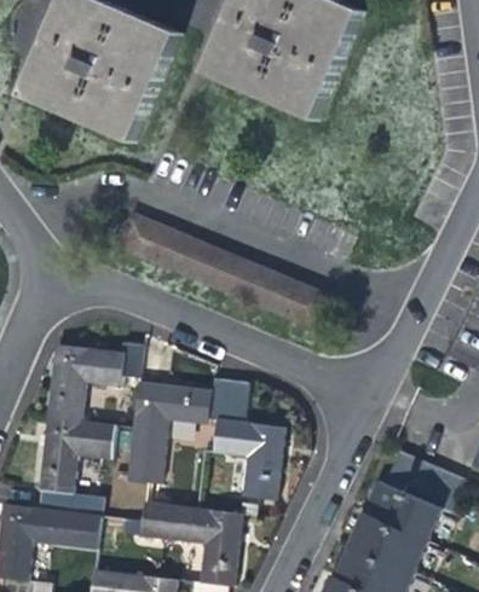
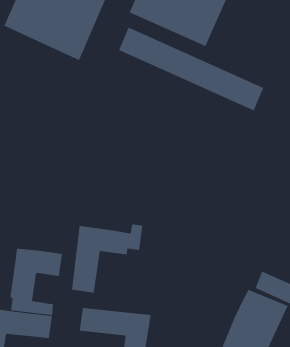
building: [120,215,331,337] -> [118,27,264,111]
building: [46,344,142,419] -> none
building: [221,383,293,499] -> none

